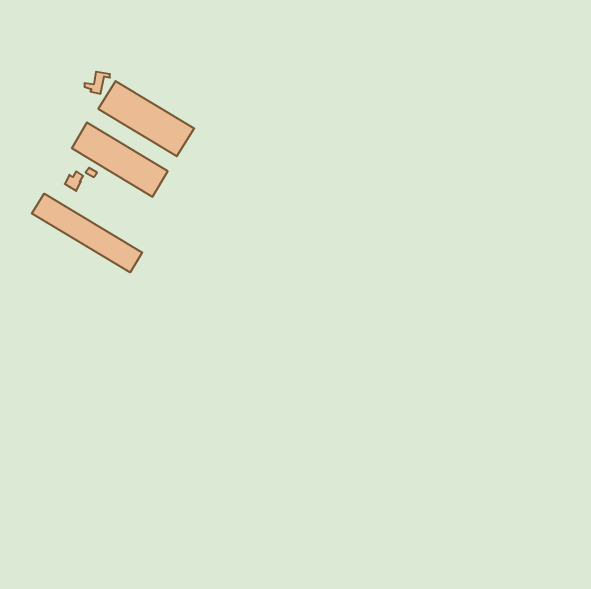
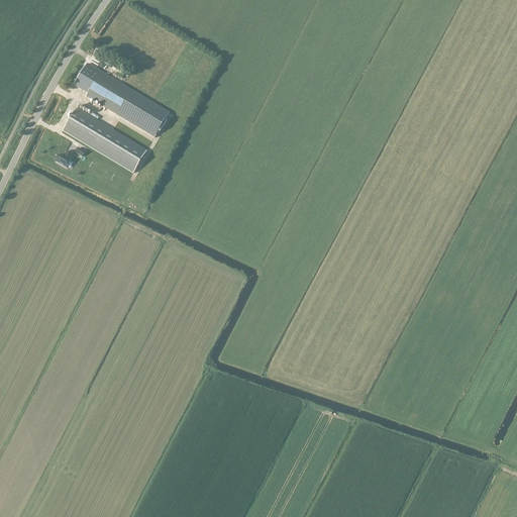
building: [32,194,142,272] -> none

